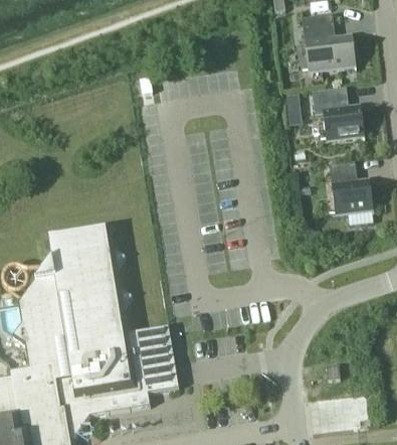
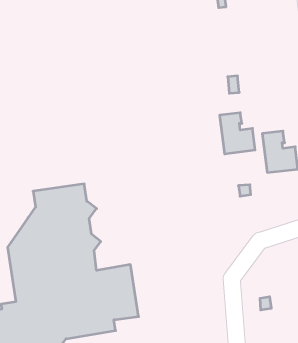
building: [302,14,355,68] -> none
building: [320,88,363,138] -> [220,113,255,154]

